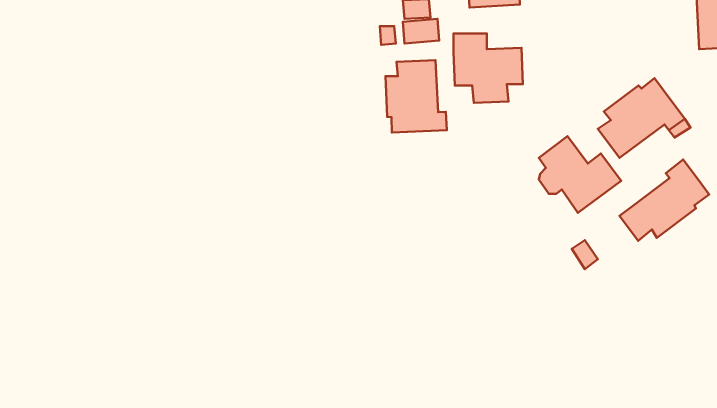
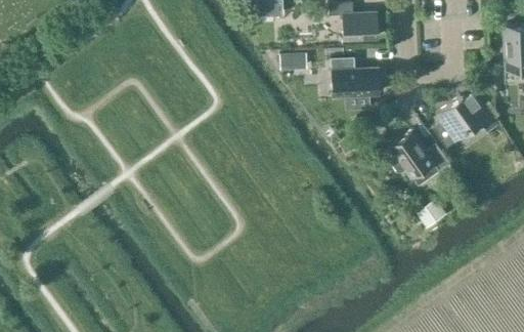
building: [386,60,447,132] -> none
building: [619,160,709,241] -> none

